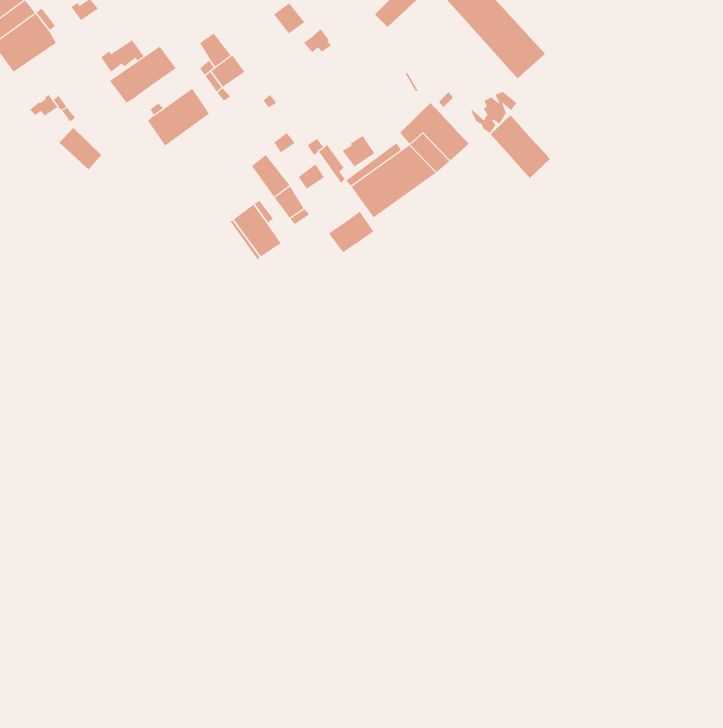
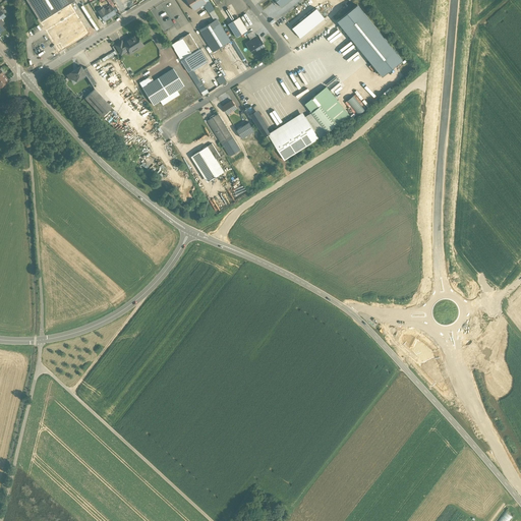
building: none -> [199,19,230,52]
building: [109,46,177,103] -> none
building: [490,114,550,179] -> none
building: [328,211,374,253] -> none

